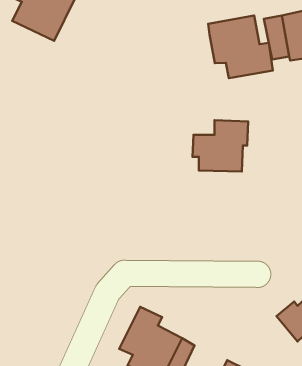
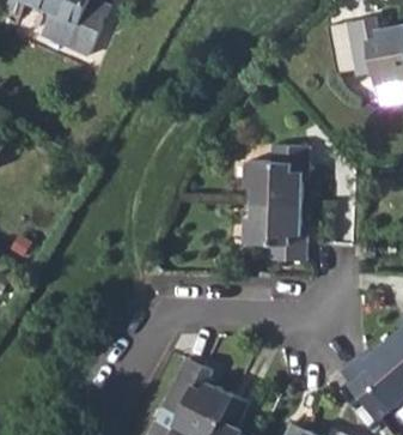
building: [208,16,273,78] -> none
building: none -> [244,203,306,259]

